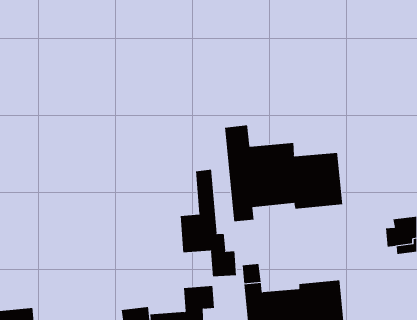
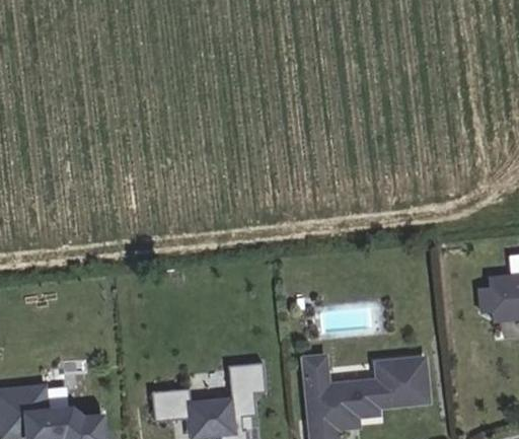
building: [224,124,343,222] -> none
building: [180,169,237,277] -> none

